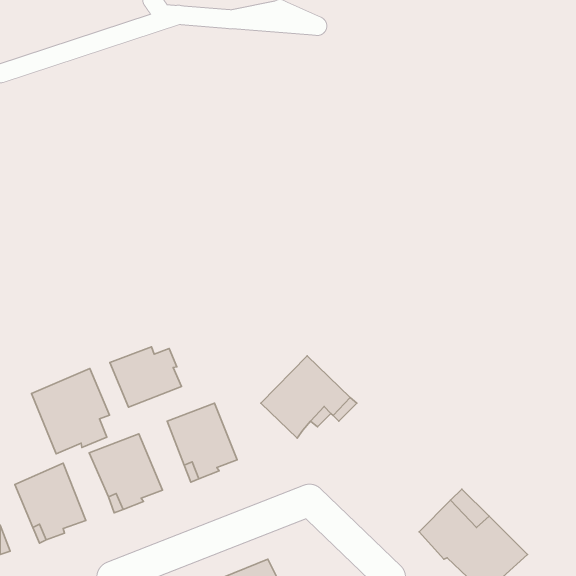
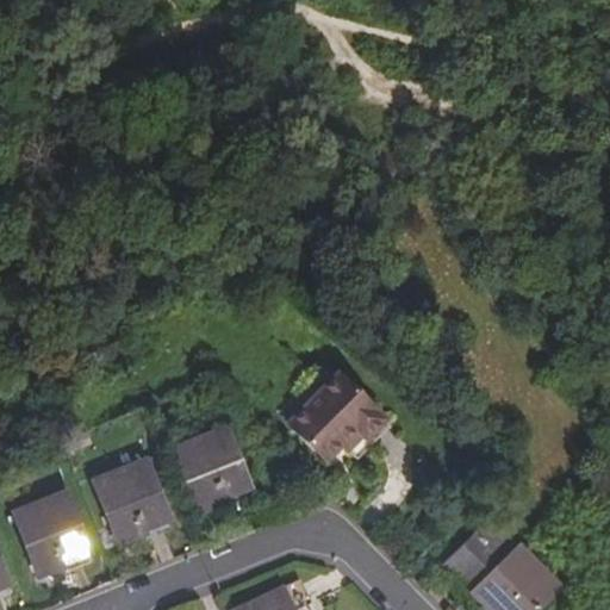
building: [110,347,182,407] -> none
building: [32,369,109,454] -> none

